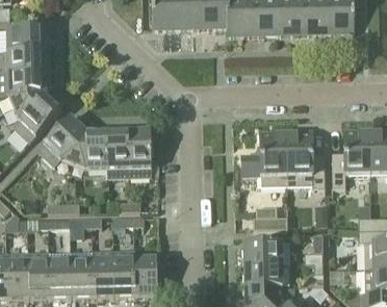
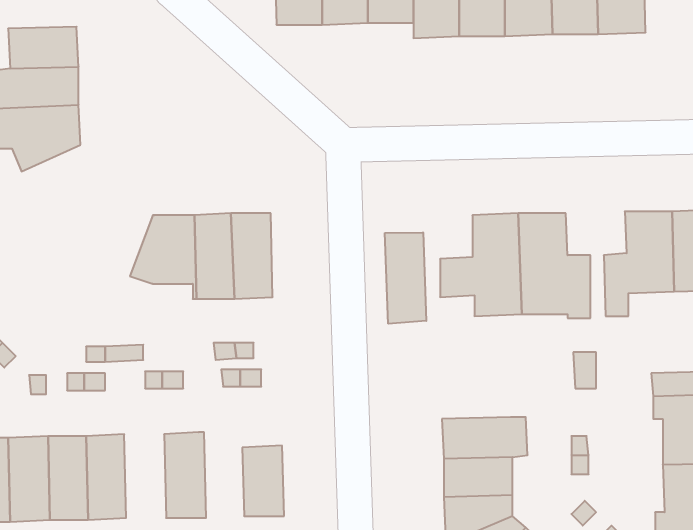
building: [12,94,60,143] -> none
building: [36,117,84,167] -> none
building: none -> [385,232,426,324]
building: [253,207,287,230] -> none
building: [112,251,134,298] -> none
building: [69,252,92,298] -> none

